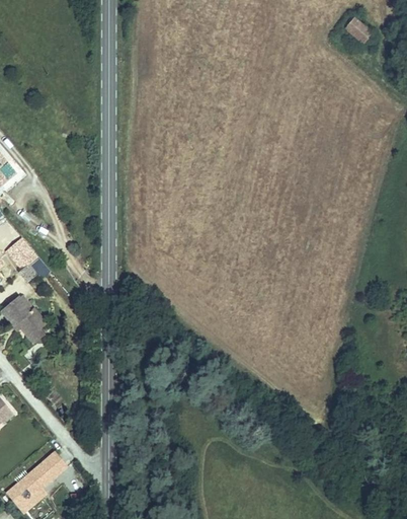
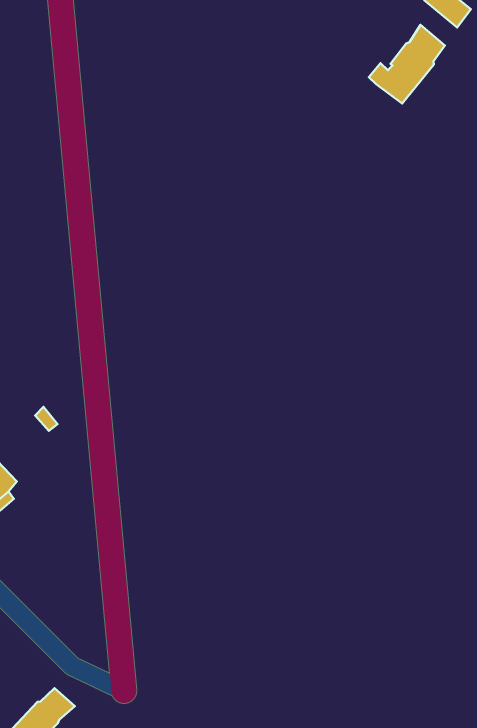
building: none -> [369,25,445,103]

